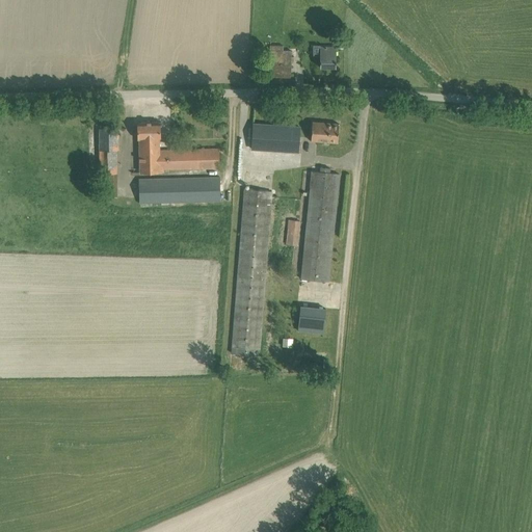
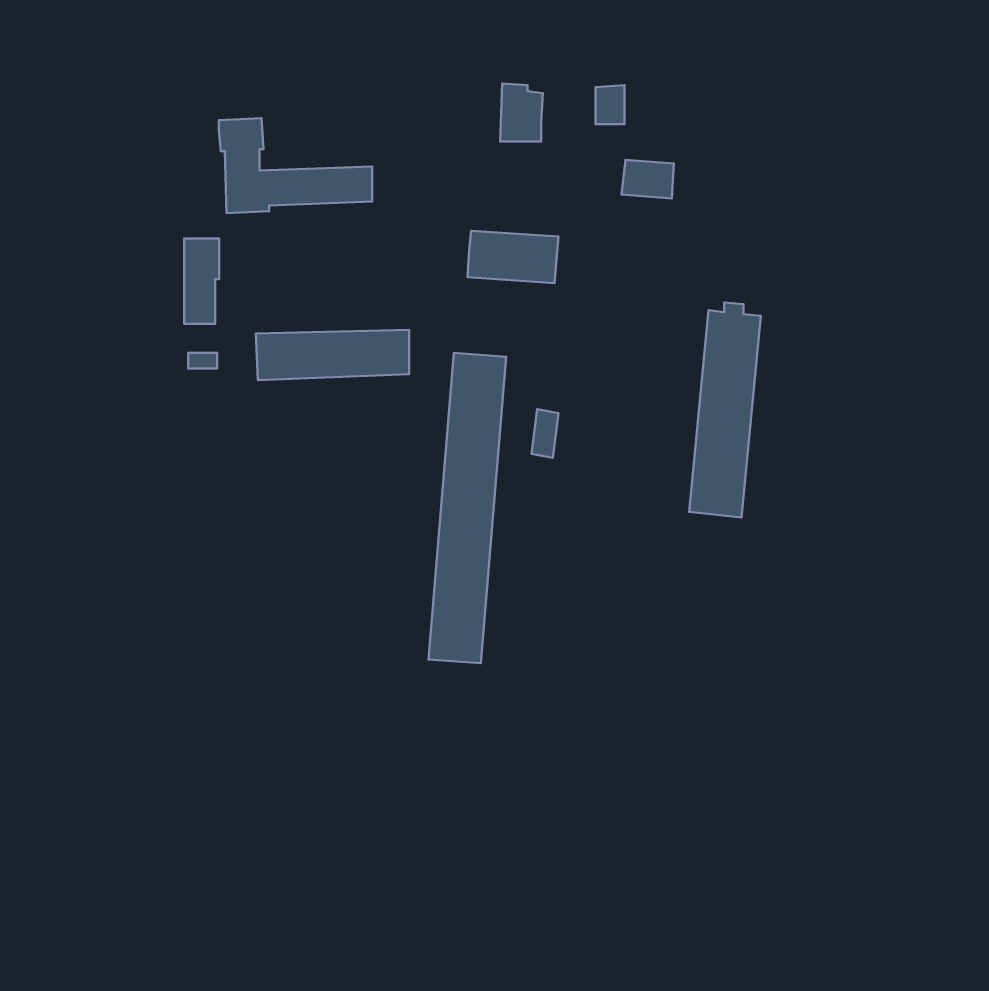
building: [136,122,218,172] -> [219,118,372,213]
building: [310,122,338,142] -> [622,160,674,199]
building: [300,166,339,282] -> [689,302,761,518]
building: [297,304,326,332] -> none

